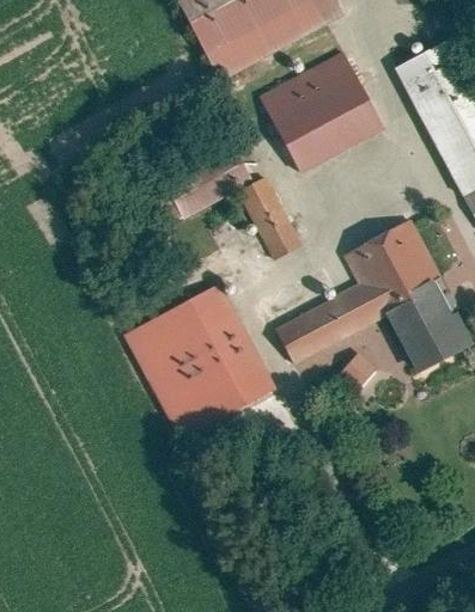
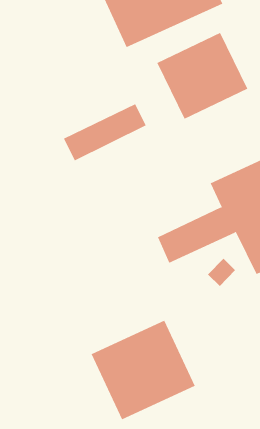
building: [238,177,303,258] -> none
building: [124,284,275,439] -> none
building: none -> [91,320,195,420]

